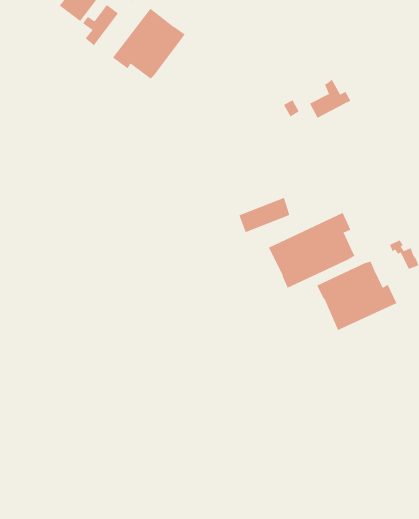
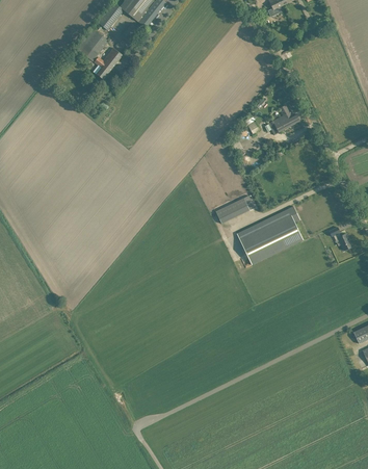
building: [112,8,186,80] -> none
building: [317,261,397,331] -> none

